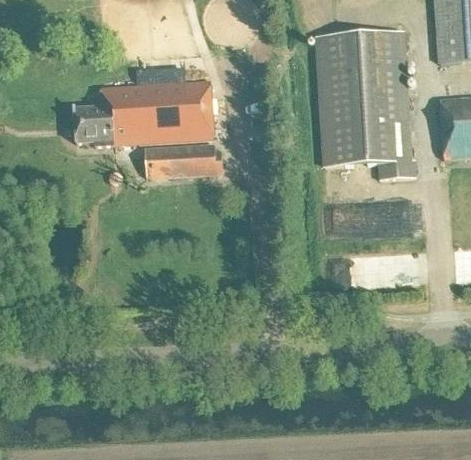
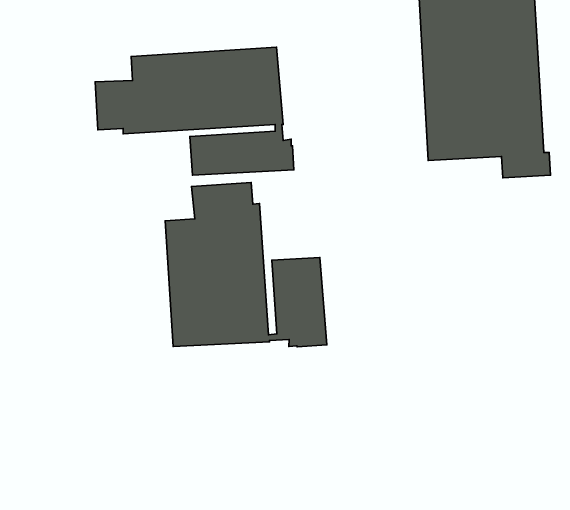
building: none -> [165,182,327,347]

